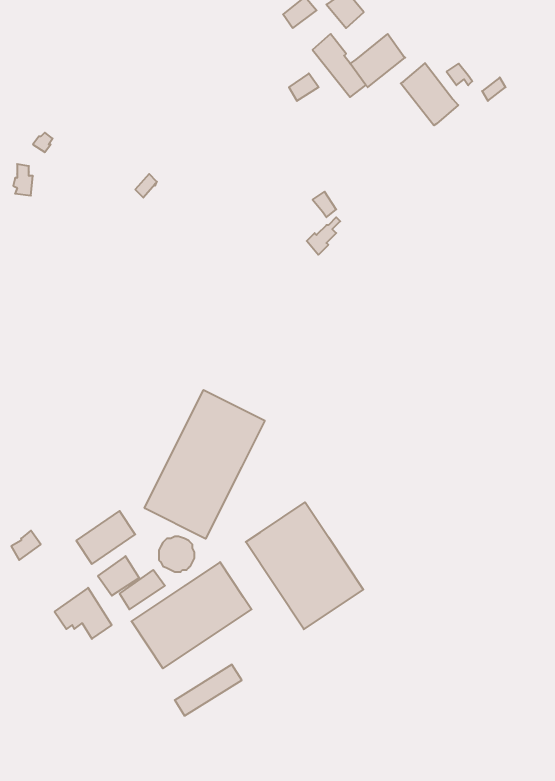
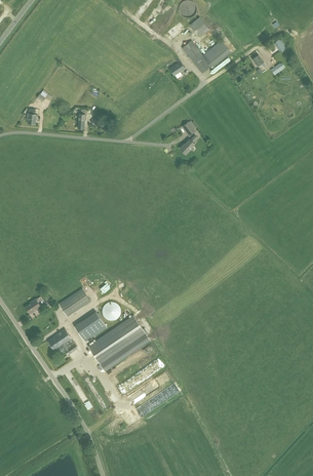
building: [401,63,458,125] -> none
building: [145,390,265,539] -> none
building: [246,502,363,629] -> none

